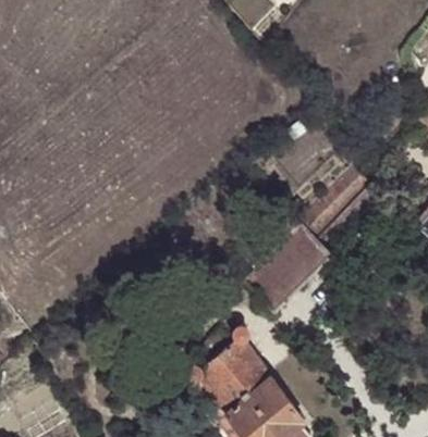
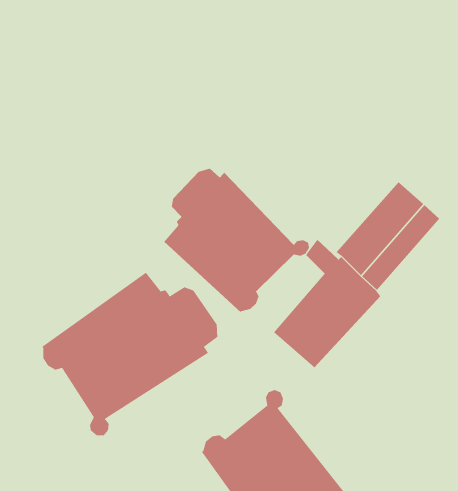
building: none -> [164,168,309,313]
building: none -> [42,272,218,436]

